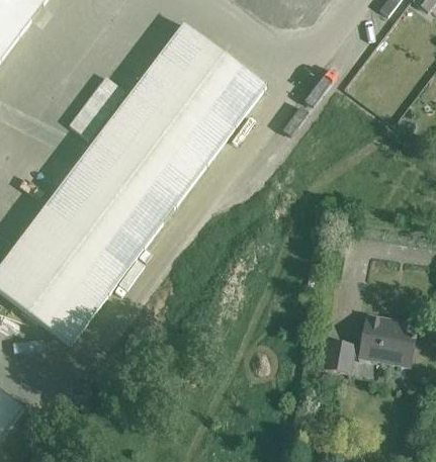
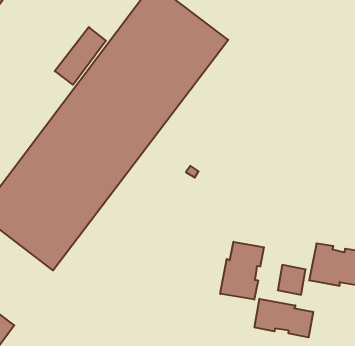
building: none -> [220,242,264,300]
building: none -> [255,299,313,337]

